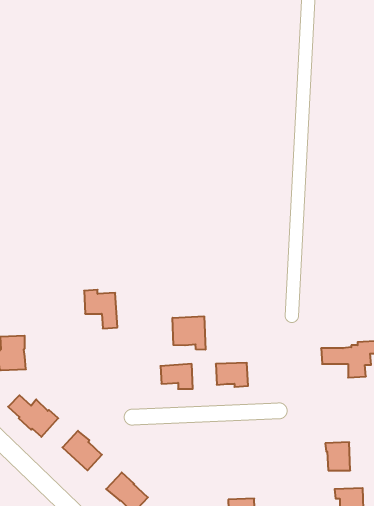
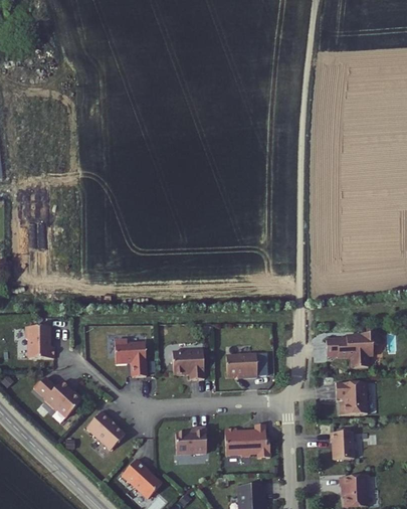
building: [84,290,117,328] -> [116,338,148,375]
building: [173,316,205,350] -> none
building: none -> [338,381,370,414]
building: none -> [226,423,267,457]
building: none -> [176,426,207,453]

